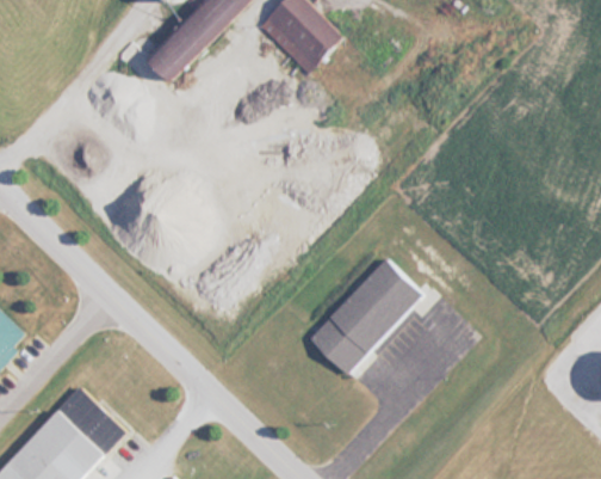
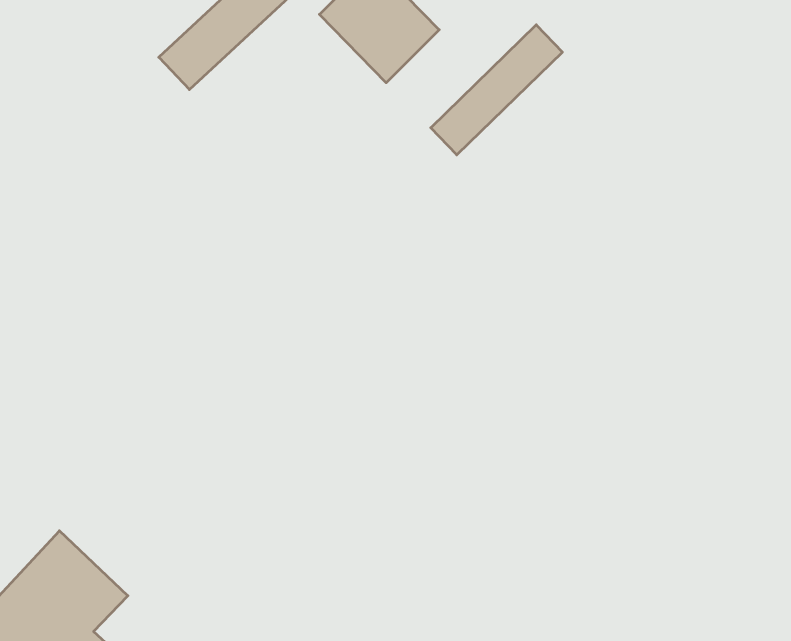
building: none -> [431,25,562,155]
building: [308,258,421,375] -> none

